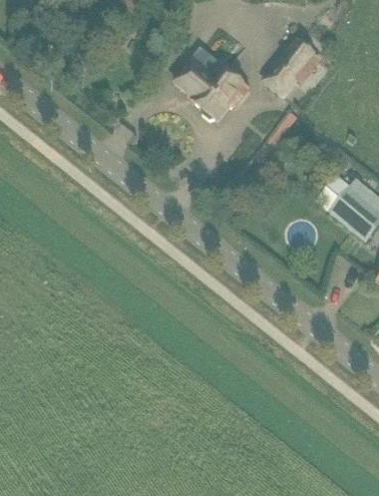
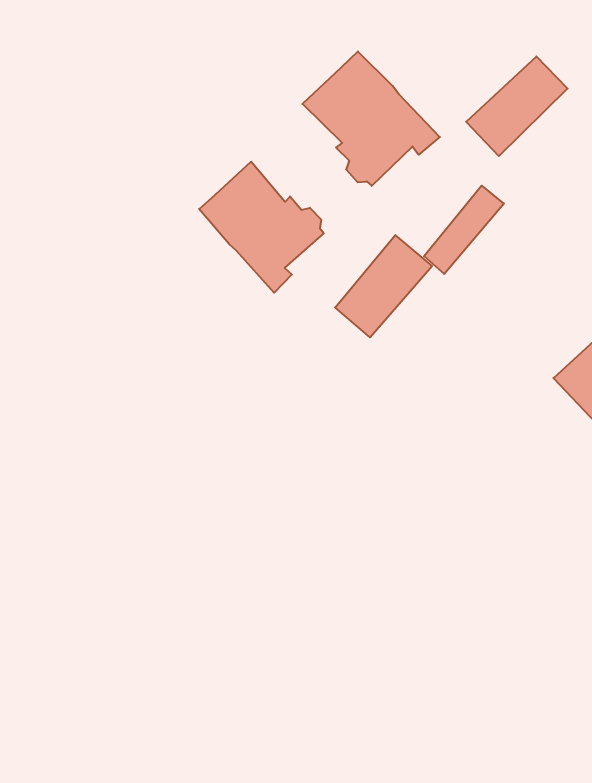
building: none -> [199,162,324,293]
building: none -> [335,235,432,337]

